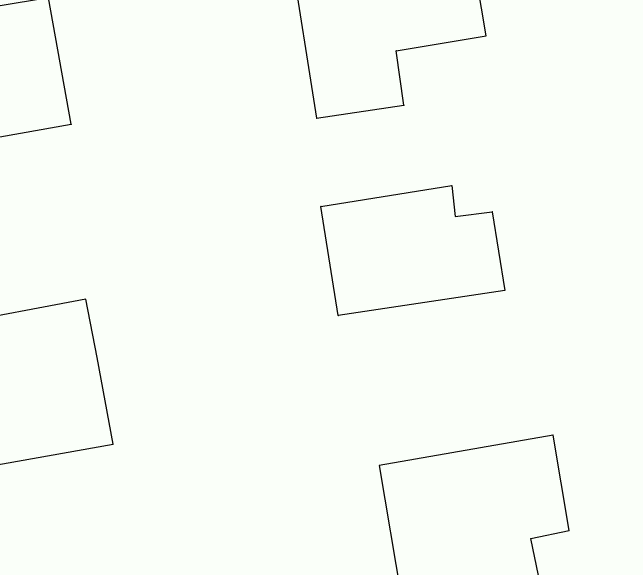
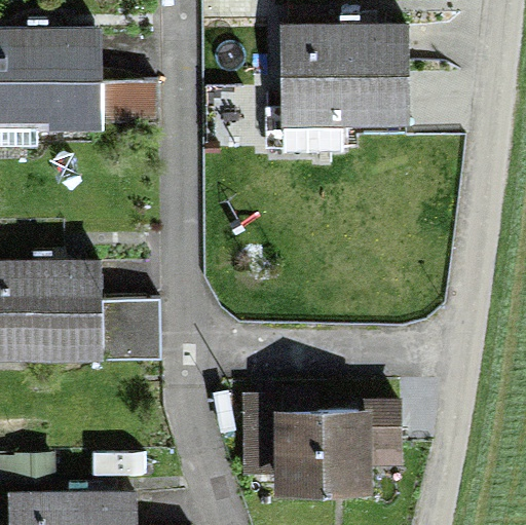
building: [321,186,505,316] -> none
building: none -> [93,293,153,357]

